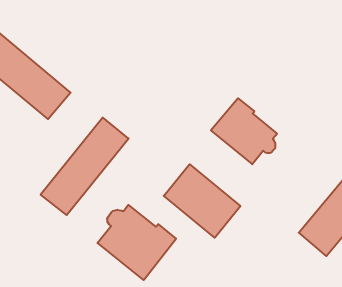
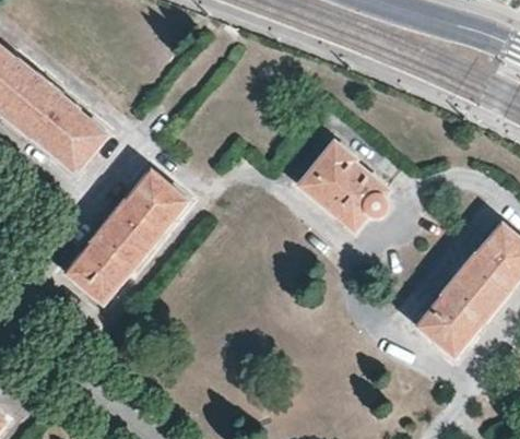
building: [164,164,240,238] -> none
building: [97,205,176,280] -> none

